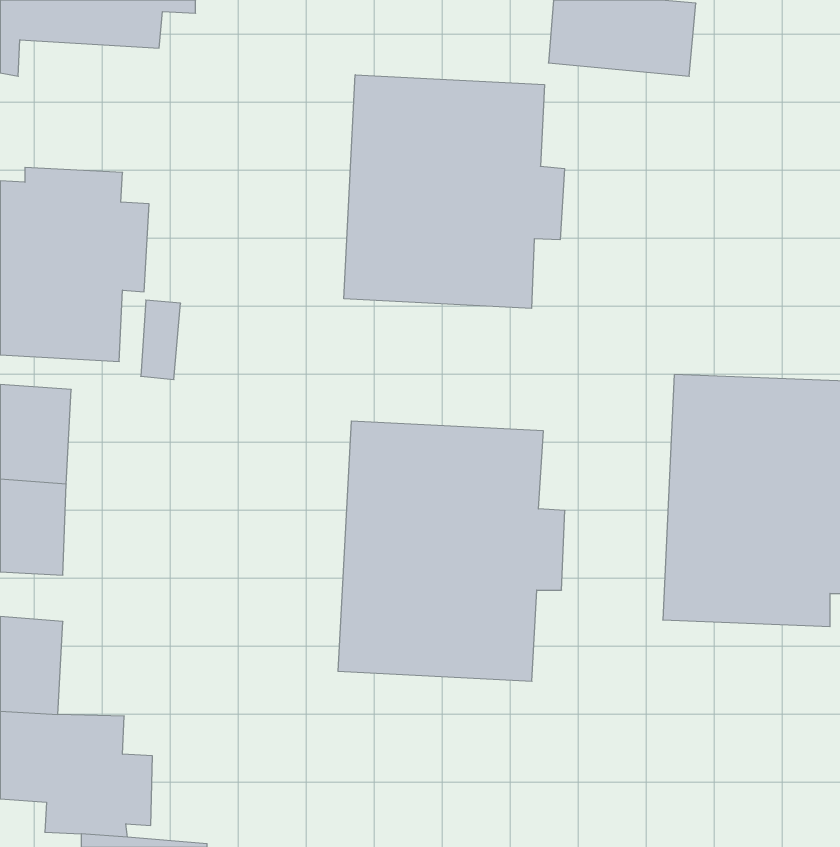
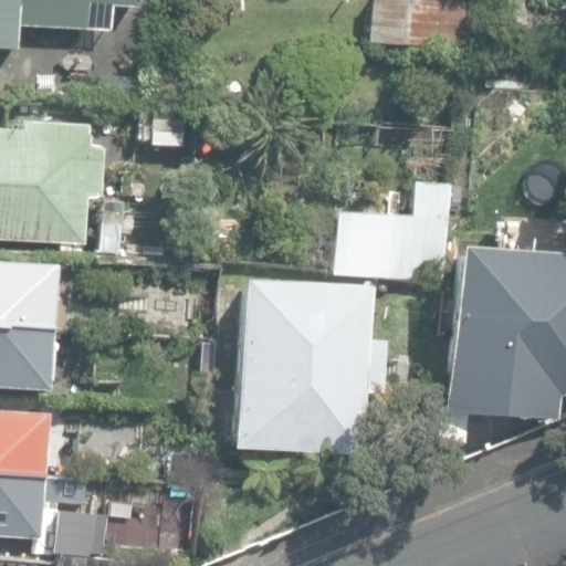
building: [344,75,565,308] -> none
building: none -> [334,180,451,281]

